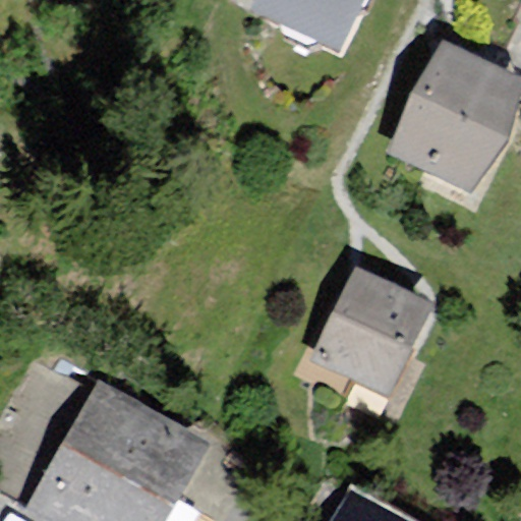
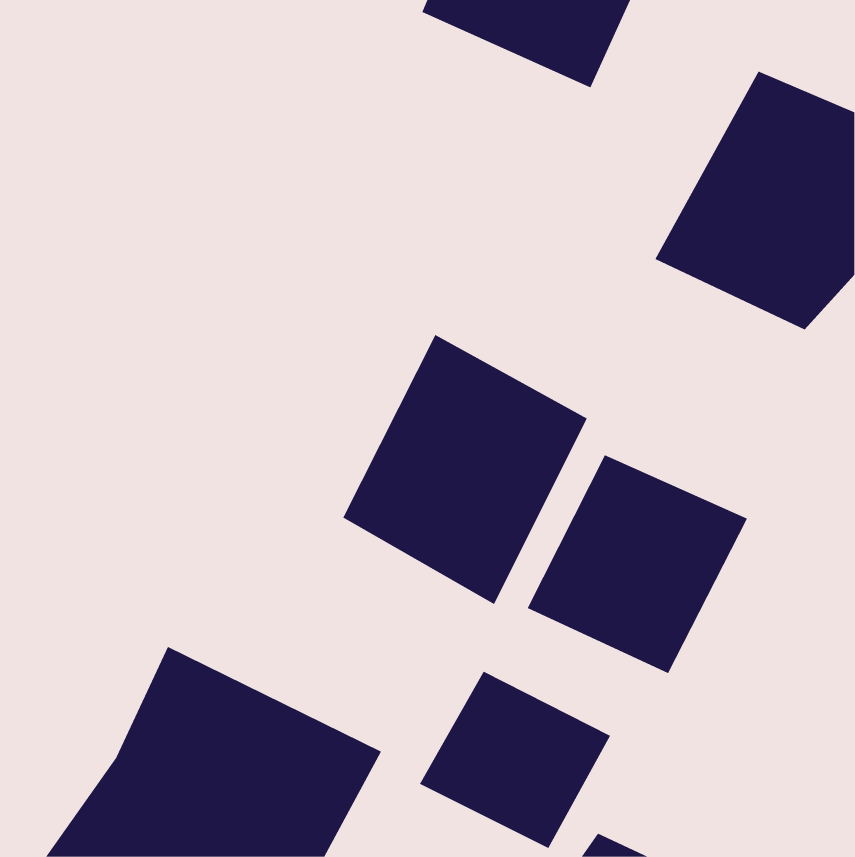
building: none -> [343,334,588,605]
building: none -> [419,671,611,849]

